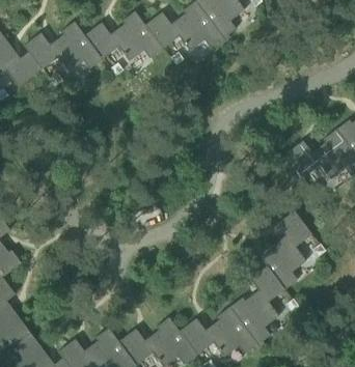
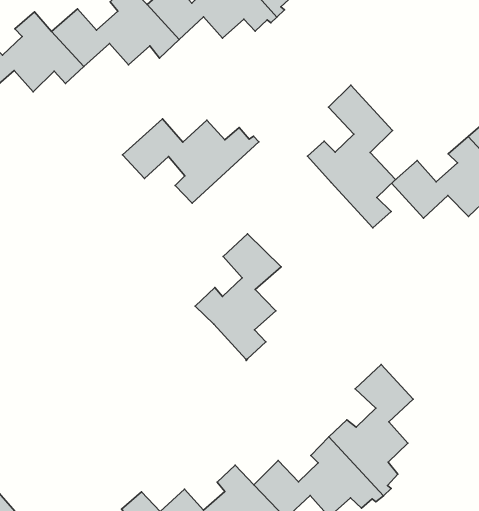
building: none -> [308,85,395,228]
building: none -> [122,119,259,203]
building: [255,210,311,289] -> [195,234,281,361]

